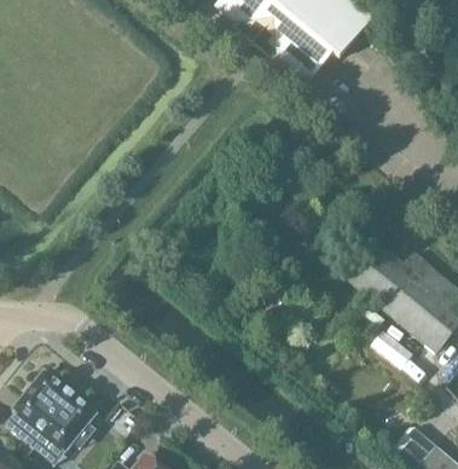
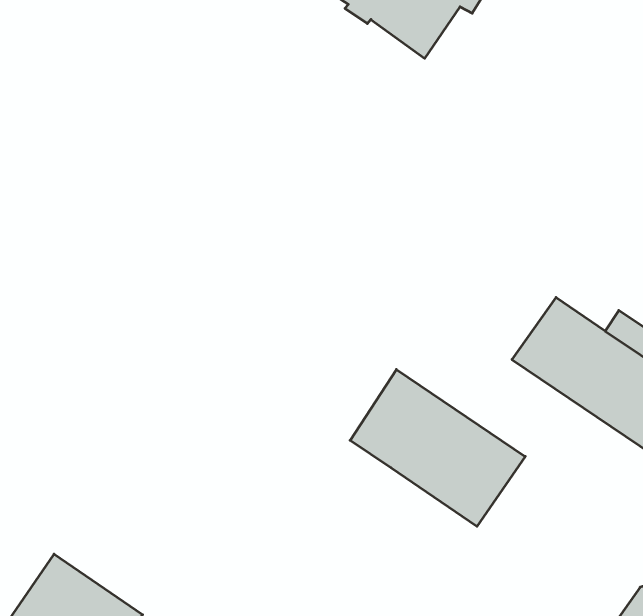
building: none -> [350,369,525,526]

